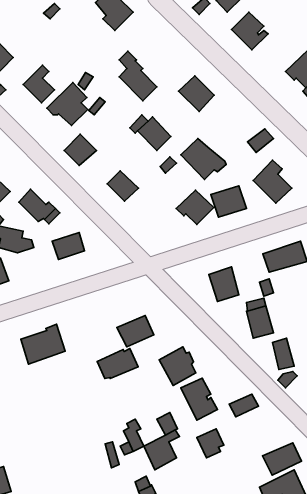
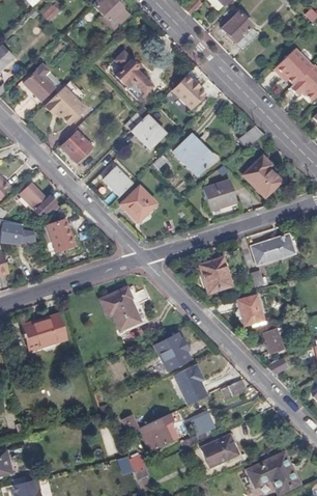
building: [176,190,214,225] -> [120,185,156,218]
building: [97,348,138,379] -> [100,286,140,315]
building: [263,443,301,475] -> [200,435,237,466]

